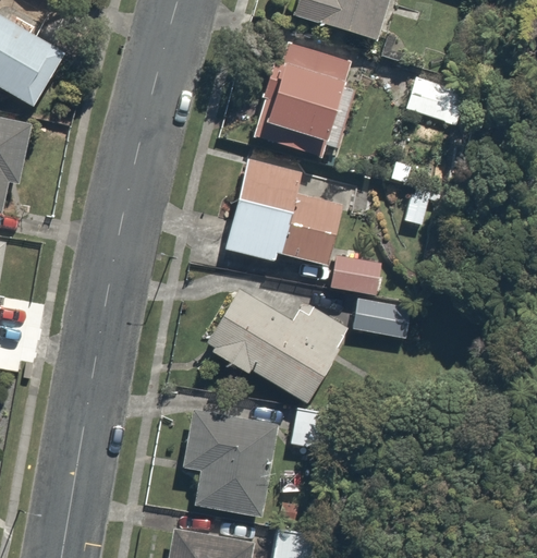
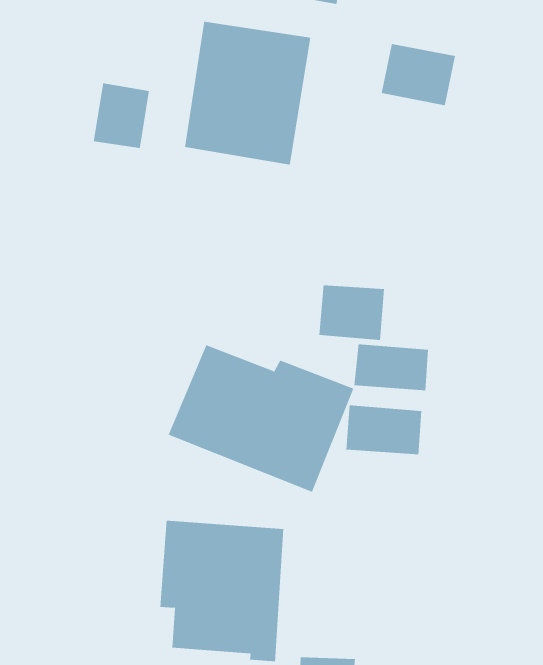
building: none -> [93,82,149,149]
building: [221,156,341,268] -> none
building: none -> [346,404,422,455]

